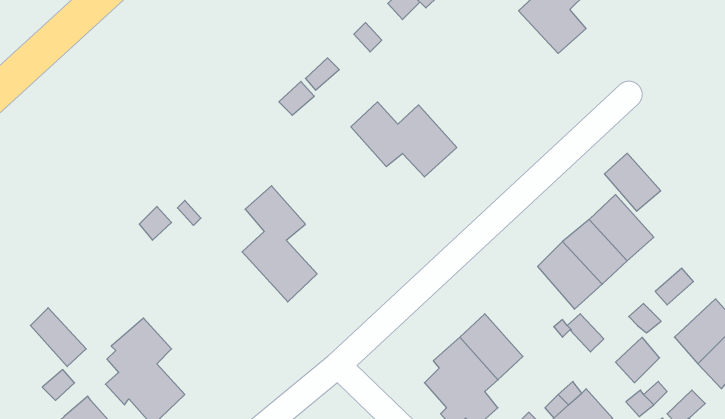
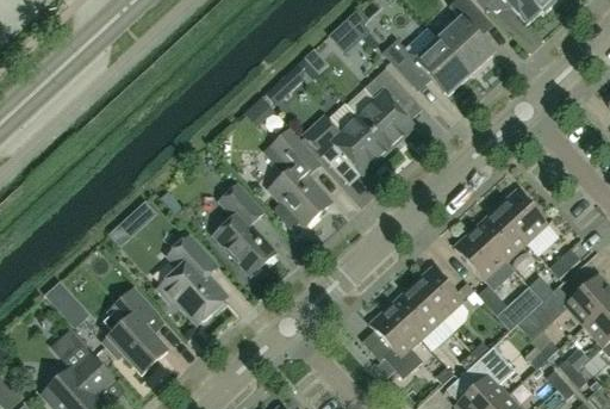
building: none -> [382,39,471,95]
building: none -> [357,68,415,150]
building: none -> [263,126,332,228]
building: [604,153,661,211] -> none
building: none -> [160,236,226,323]
building: none -> [411,266,463,320]

